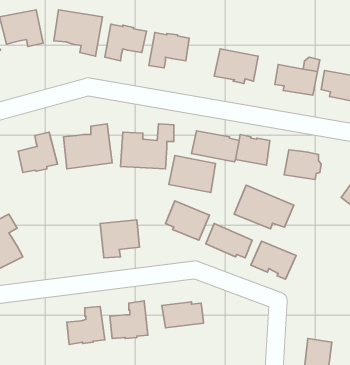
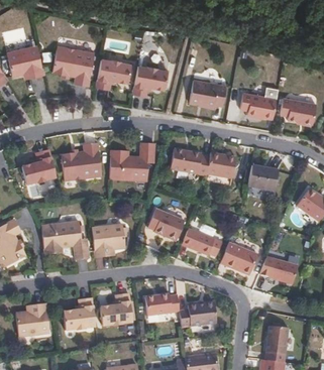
building: [169,156,216,193] -> none
building: [234,185,294,229] -> none
building: none -> [41,220,89,259]
building: none -> [269,258,298,283]
building: none -> [180,301,217,327]
building: none -> [15,302,49,336]

